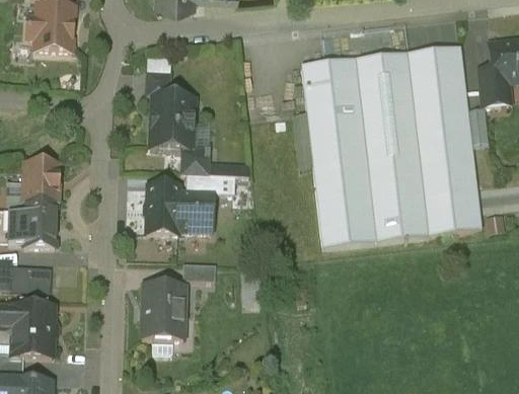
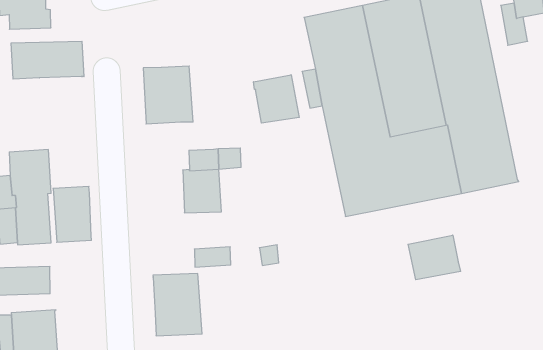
building: none -> [11,41,84,79]
building: [144,74,169,97] -> none
building: none -> [254,75,299,123]
building: [180,148,210,175] -> none
building: [146,184,179,234] -> [53,186,91,242]
building: none -> [408,235,461,280]

